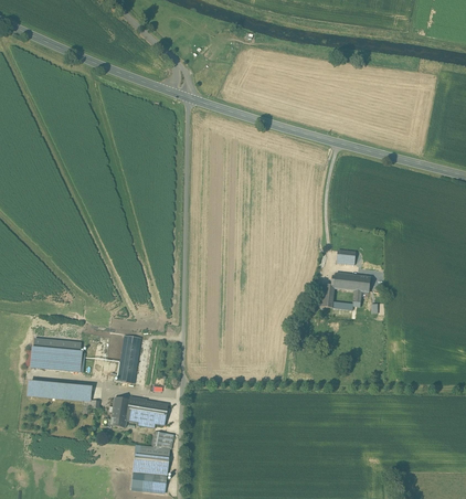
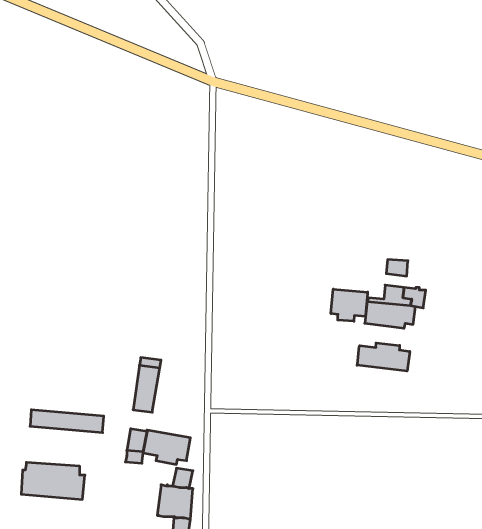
building: none -> [331,289,368,321]
building: none -> [357,343,410,371]
building: [30,339,85,371] -> [21,462,85,499]

